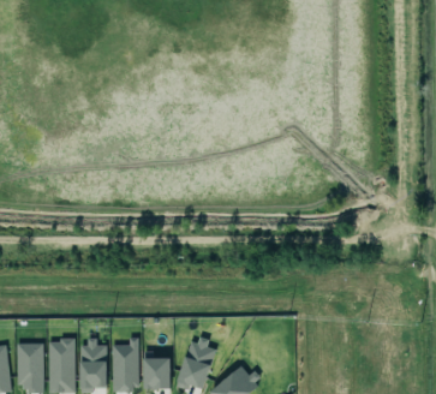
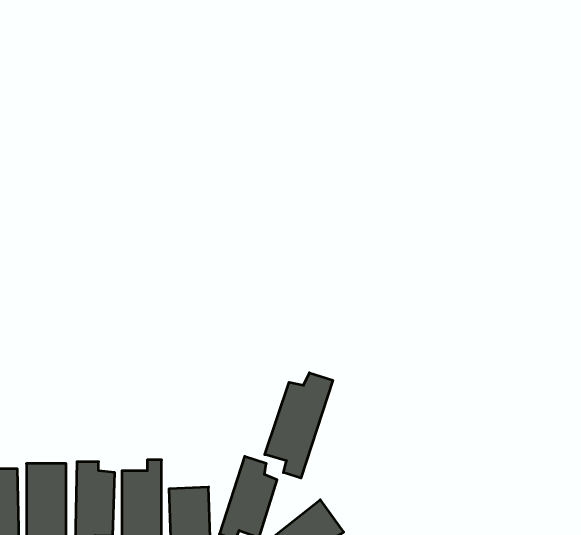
building: none -> [265,373,333,478]

